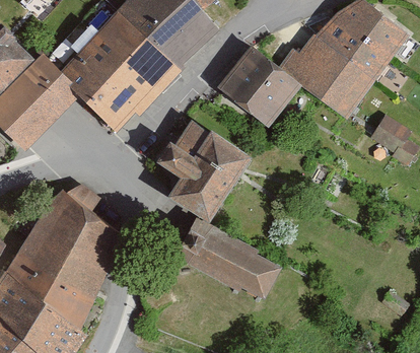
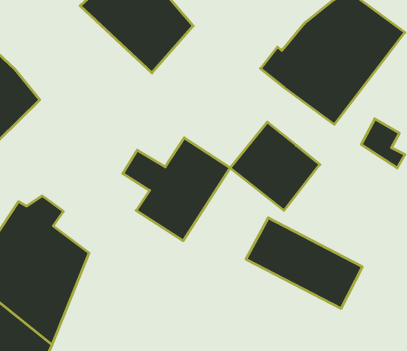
building: [57,10,181,132] -> none
building: [219,46,300,126] -> [230,122,320,210]
building: [176,220,281,302] -> [246,218,362,308]

